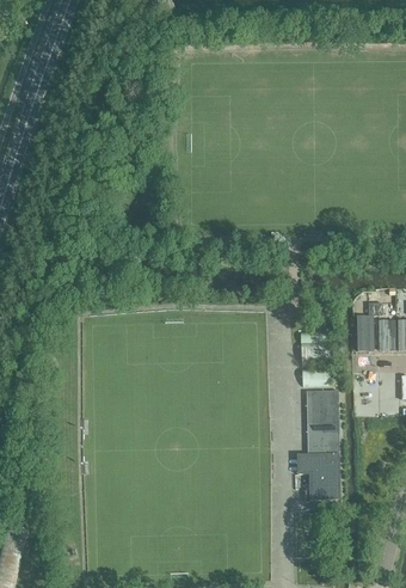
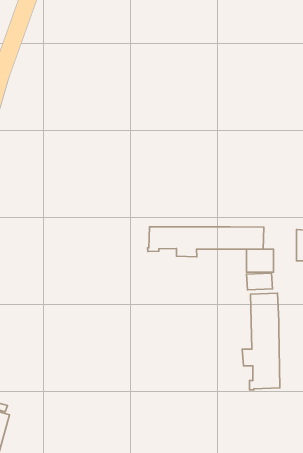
building: none -> [148,227,264,257]

